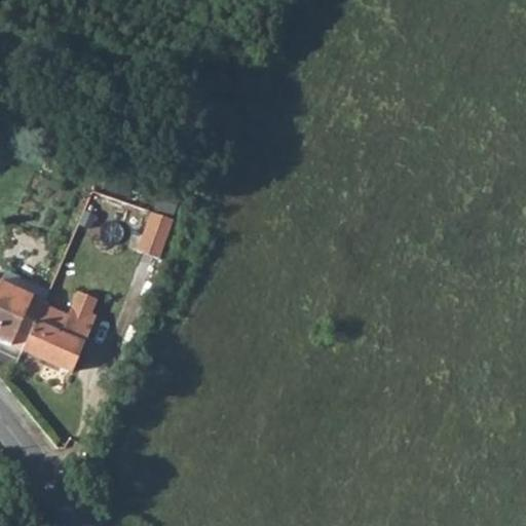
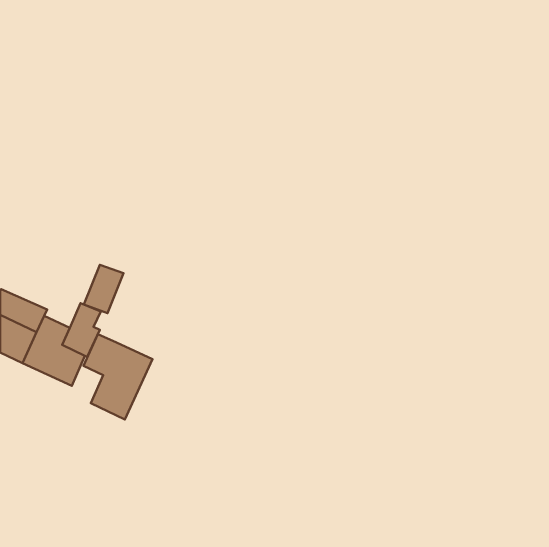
building: [137,213,175,259] -> [84,265,124,313]
building: none -> [84,334,152,420]

